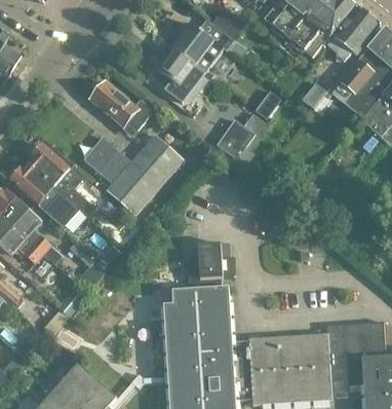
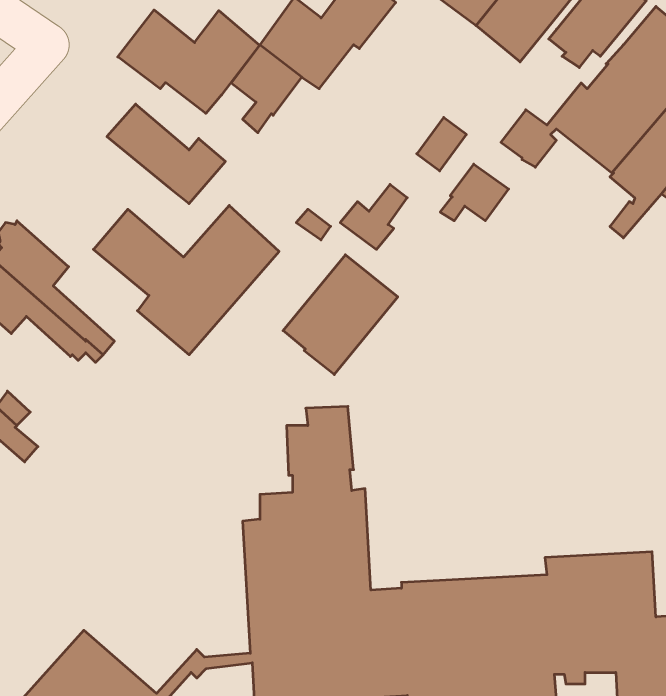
building: none -> [118,10,260,113]
building: none -> [440,164,509,221]
building: none -> [283,255,398,375]

